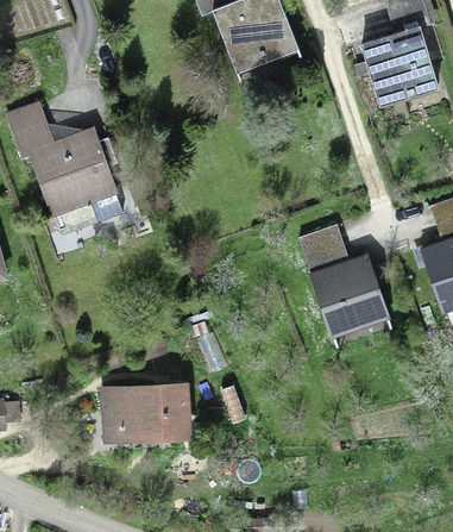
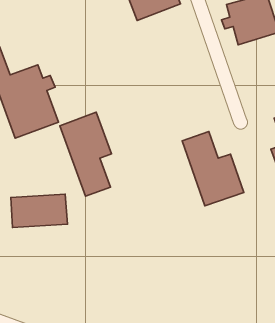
building: none -> [60,112,111,196]
building: [103,387,184,434] -> [11,194,68,228]

